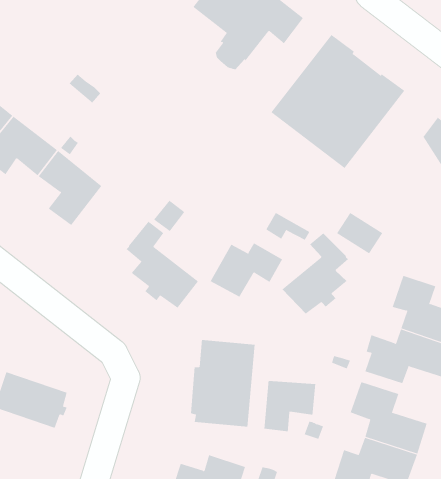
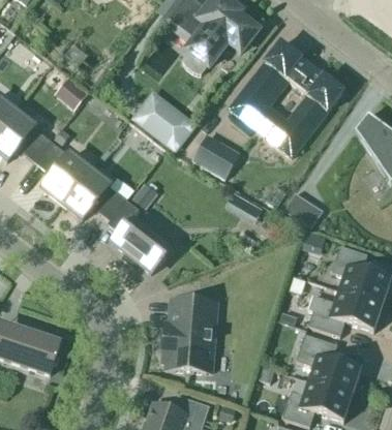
building: none -> [131,87,199,151]
building: none -> [193,136,238,177]
building: none -> [63,168,127,218]
building: [281,232,349,315] -> none
building: [210,242,283,298] -> none
building: [264,380,316,432] -> none

